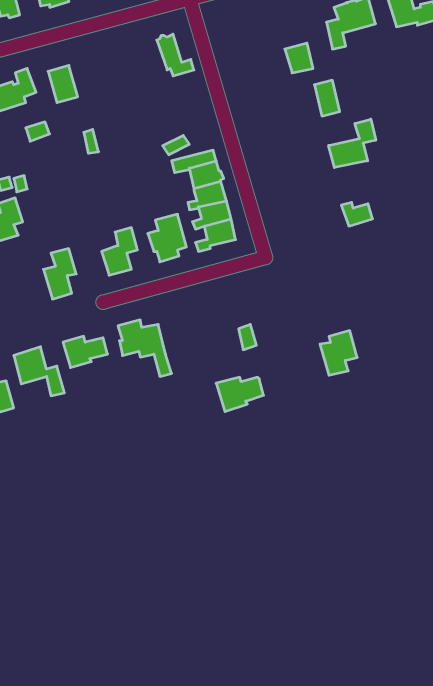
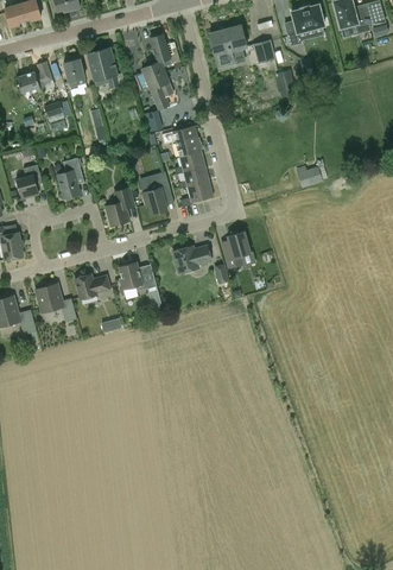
building: none -> [210,25,246,62]
building: none -> [87,48,120,88]
building: none -> [141,61,173,110]
building: [329,119,376,168] -> none
building: [43,249,76,299] -> [57,158,83,198]
building: [320,331,357,375] -> [221,232,251,267]
building: [216,377,264,412] -> [173,246,211,273]

